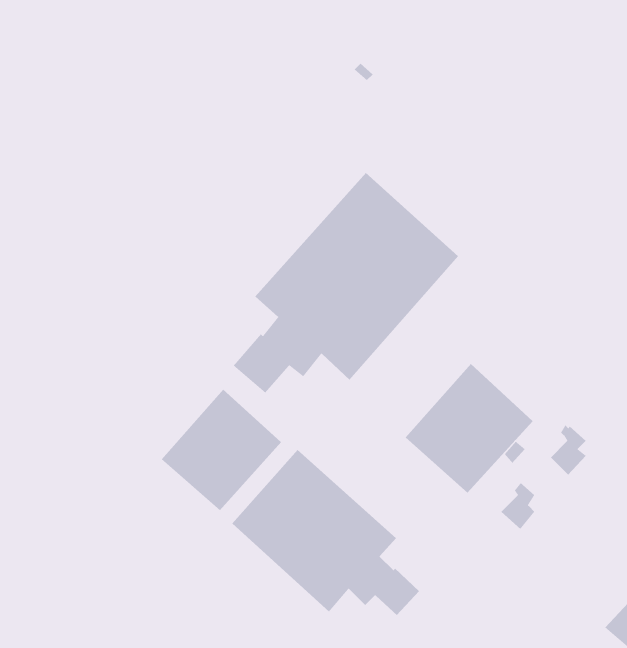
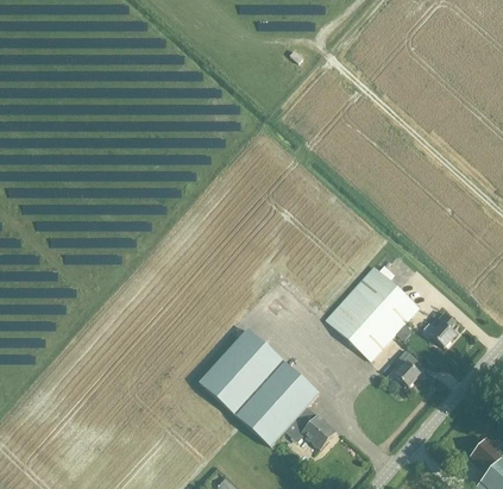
building: [233,172,459,394] -> none
building: [161,389,282,511] -> none

